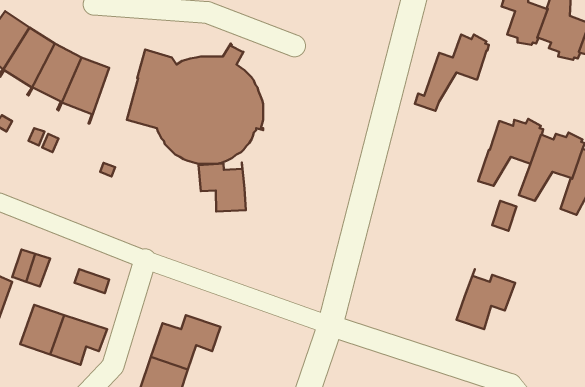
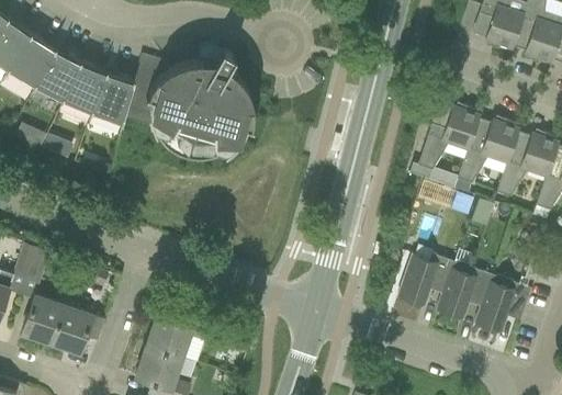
building: [415,34,489,111] -> [408,105,479,178]
building: none -> [88,70,134,134]
building: [198,162,246,212] -> none
building: none -> [397,253,453,305]
building: none -> [474,274,530,331]

